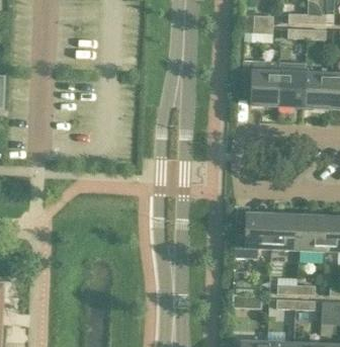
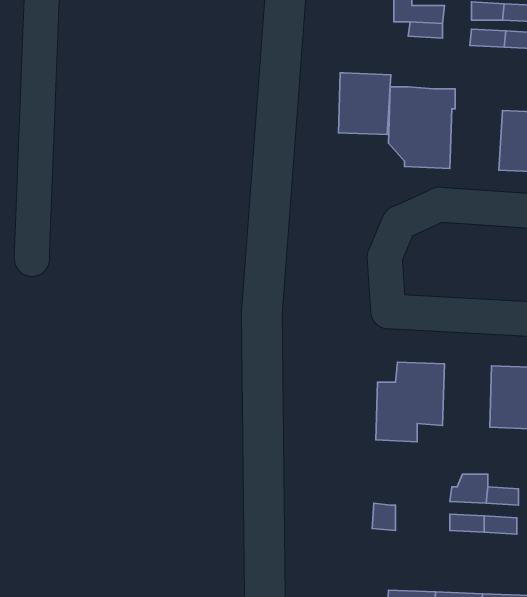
building: [275,72,305,106] -> [338,73,391,134]
building: [271,214,299,250] -> none

